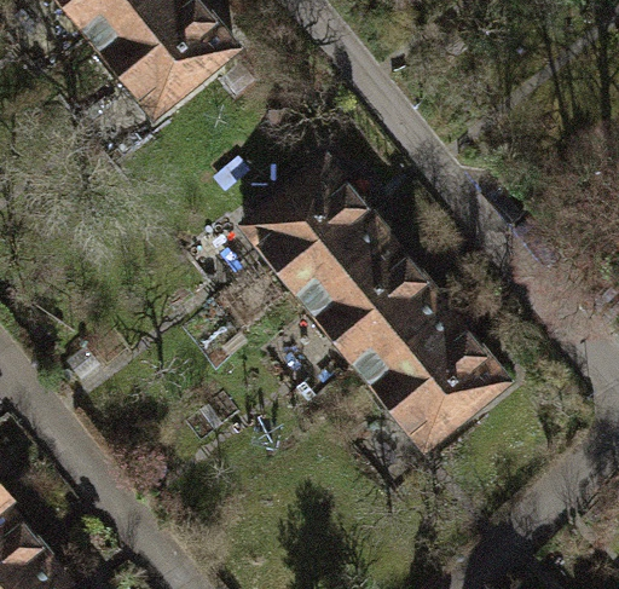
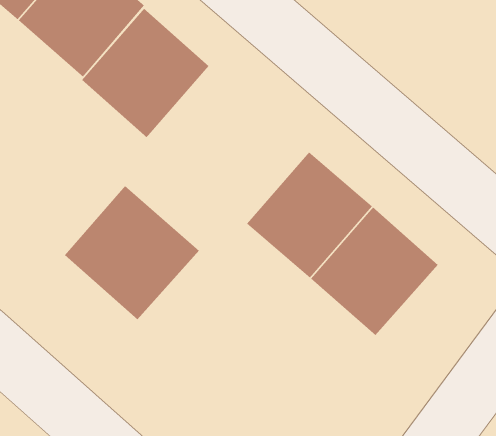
building: [244,160,386,301] -> [81,8,210,138]
building: none -> [64,185,200,320]

